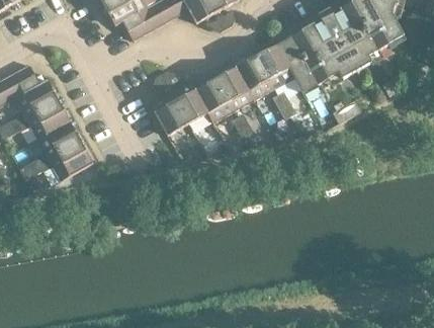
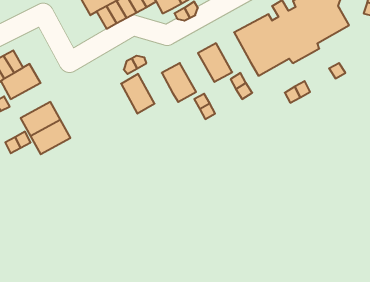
building: [256,44,294,88] -> none
building: [215,67,254,110] -> none
building: [169,79,207,124] -> none
building: [26,100,71,140] -> none

